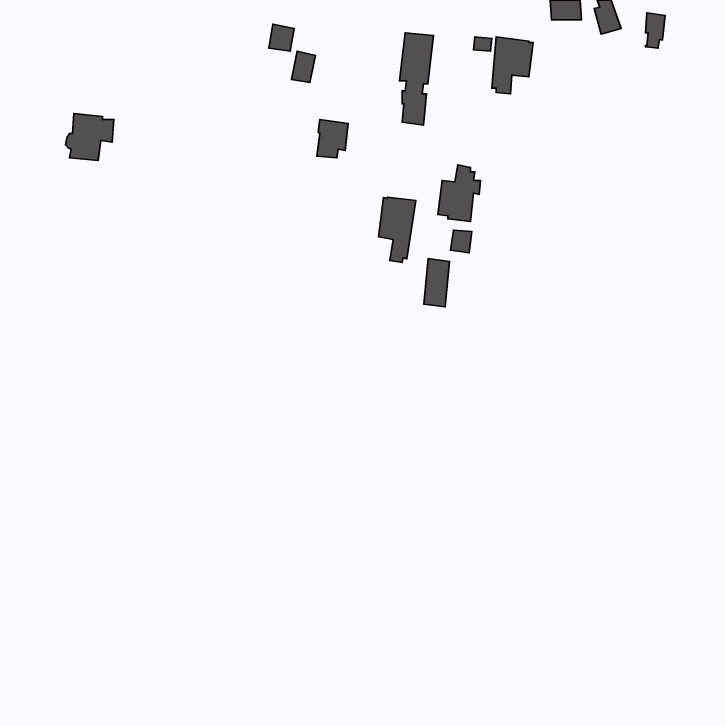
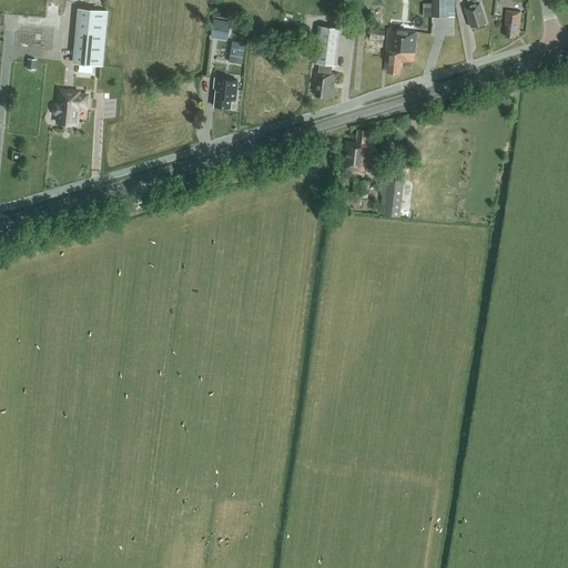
building: none -> [71,8,108,67]
building: [317,119,348,158] -> [213,78,237,108]
building: [379,197,416,262] -> none
building: [424,259,449,307] -> [383,180,403,217]

